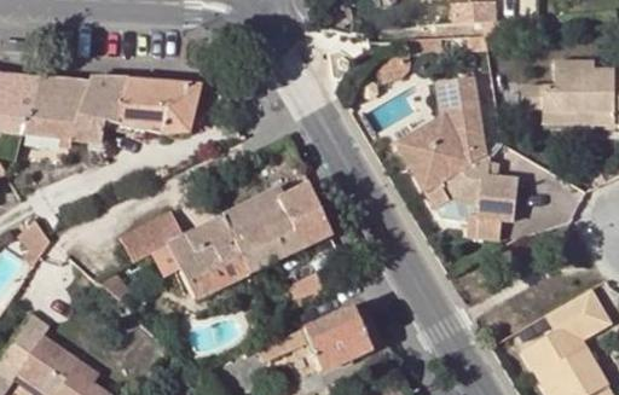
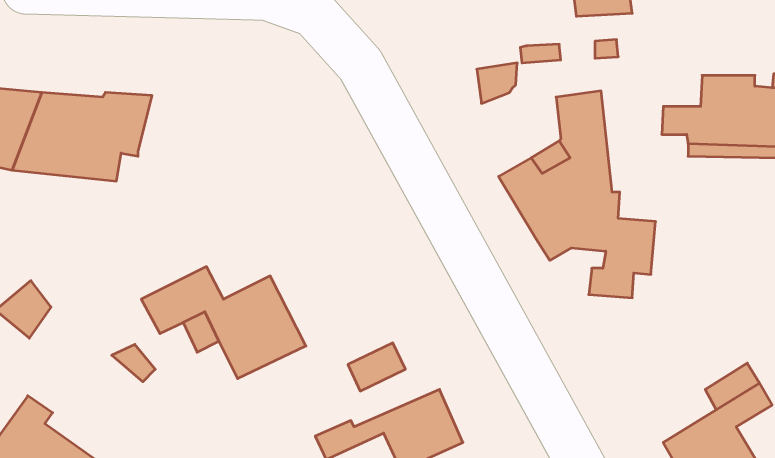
building: [116,79,201,134] -> none
building: [219,185,329,273] -> none

